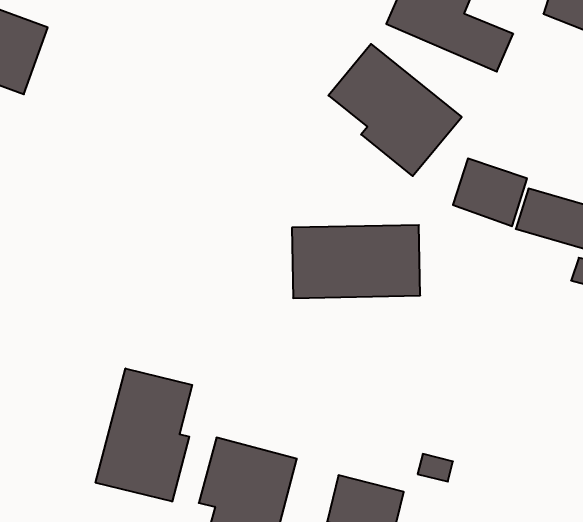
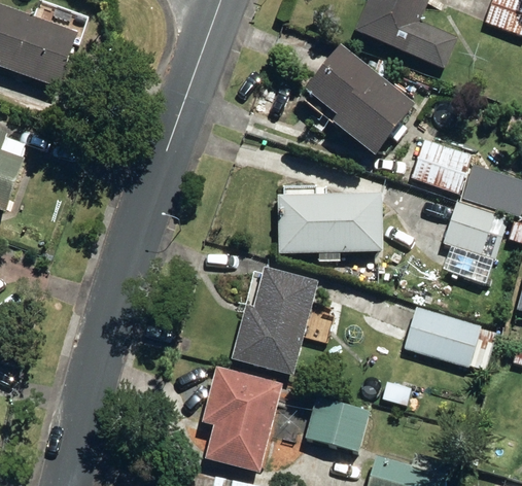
building: none -> [442,202,507,259]
building: none -> [231,268,317,374]
building: none -> [403,307,495,371]
building: [96,368,192,502] -> none

